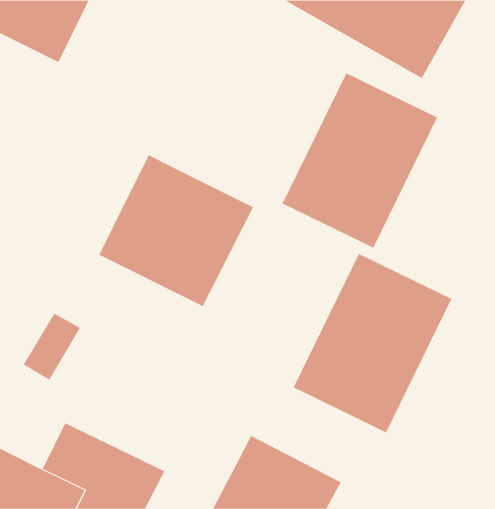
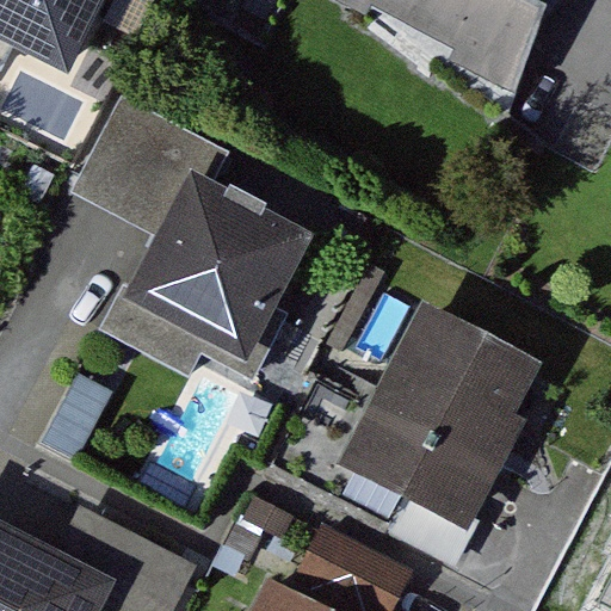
building: [282,72,438,249] -> none
building: none -> [68,98,232,237]

